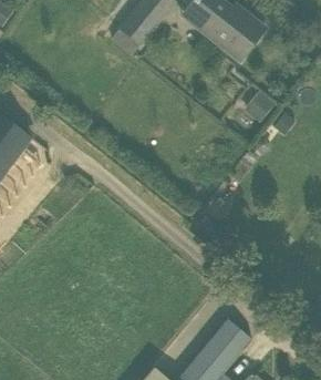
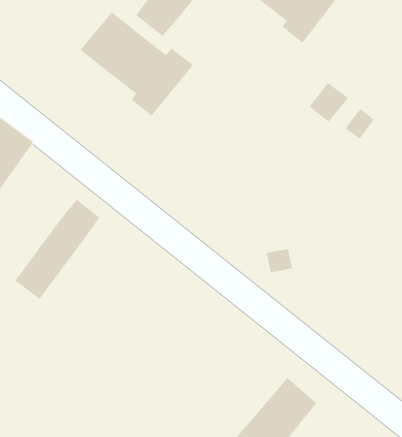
building: none -> [79,11,194,116]
building: none -> [14,199,100,300]

